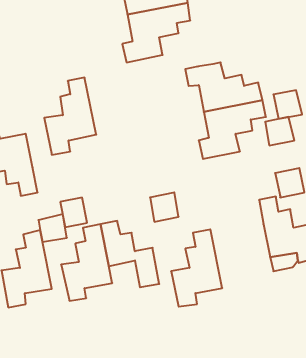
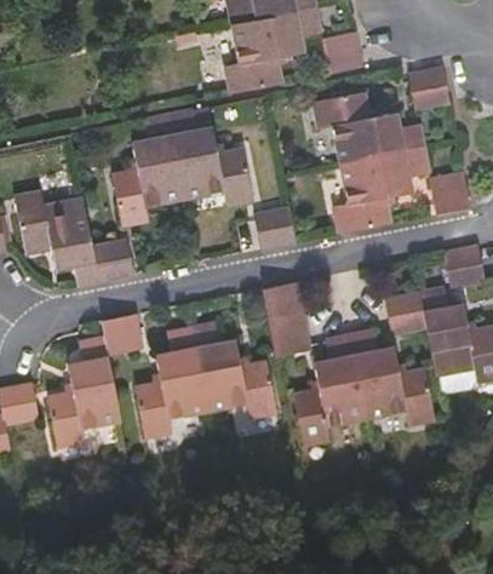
building: none -> [322,31,360,73]
building: none -> [168,110,252,206]
building: [273,90,302,119] -> [408,68,449,109]
building: none -> [254,206,294,248]
building: [60,198,87,227] -> [93,239,132,281]
building: none -> [384,292,426,334]
building: none -> [269,316,310,356]
building: none -> [350,329,436,426]

